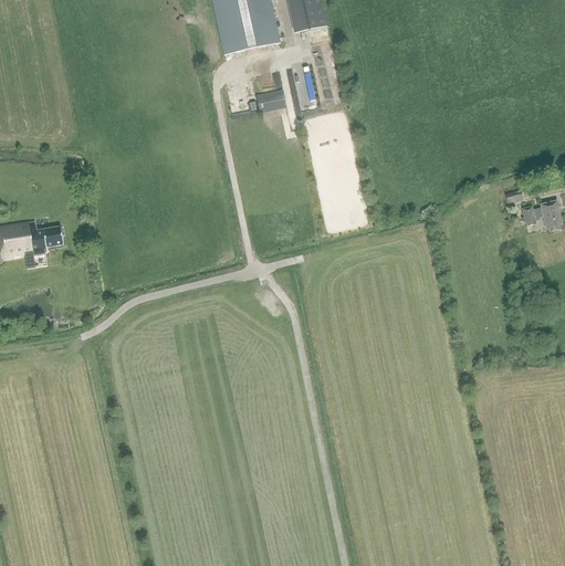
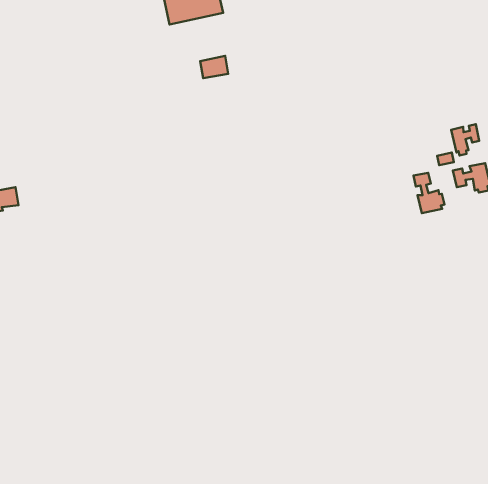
building: none -> [451,124,479,155]
building: none -> [413,173,444,213]

